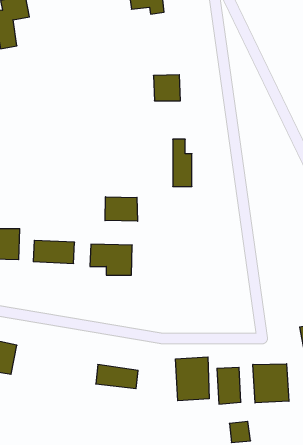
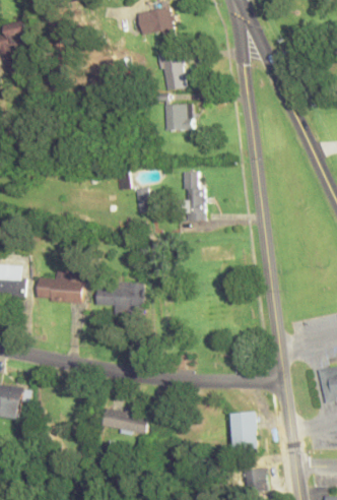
building: none -> [157,50,186,90]
building: [105,197,138,221] -> none
building: [176,357,209,401] -> none
building: [253,364,289,403] -> none

